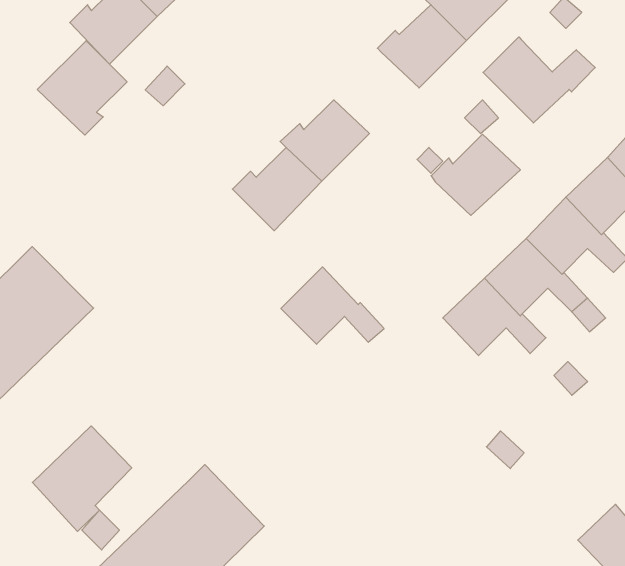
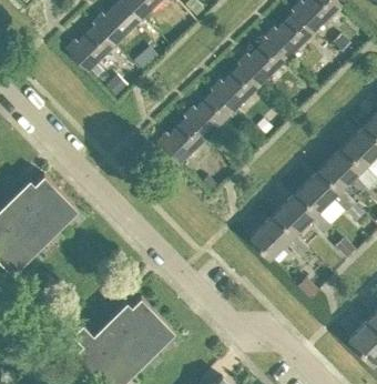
building: [483,37,595,123] -> none
building: [37,41,127,135] -> none
building: [431,134,520,215] -> [210,67,259,112]
building: [281,267,384,344] -> [249,215,307,259]
building: [32,426,132,531] -> none

